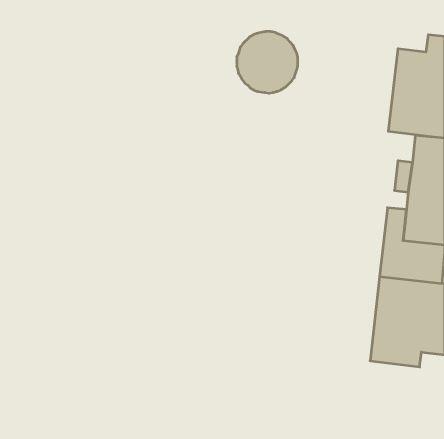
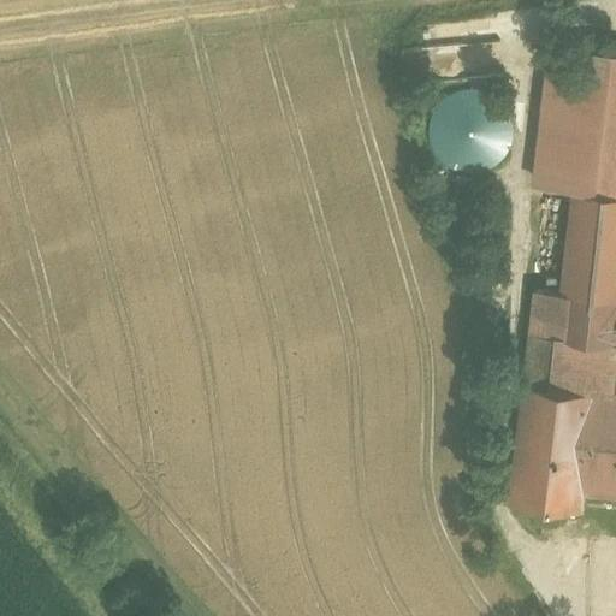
building: [237,32,298,93] -> [431,93,515,178]

